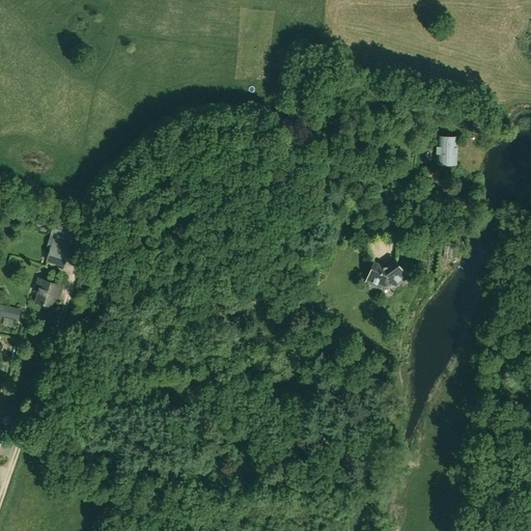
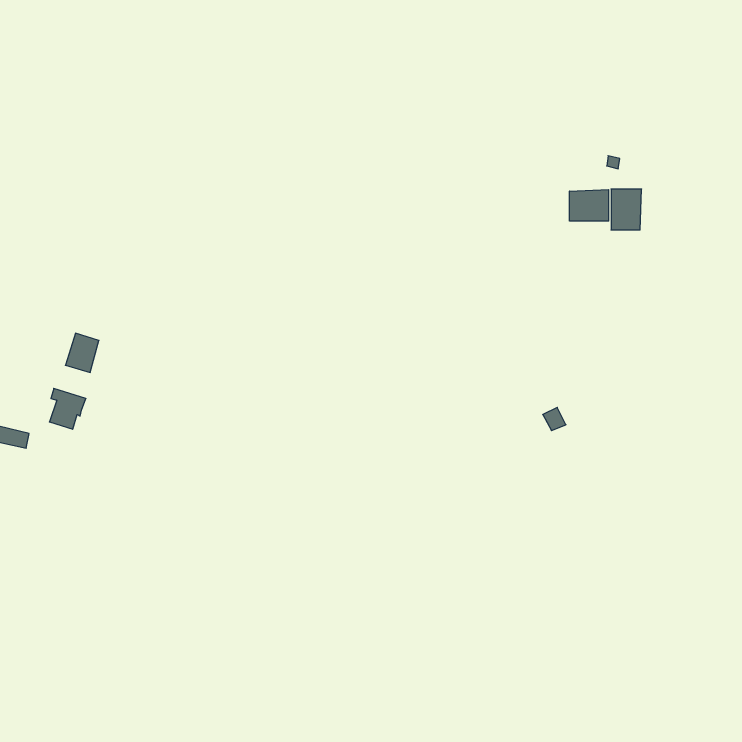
building: none -> [570,190,609,221]
building: [367,261,407,288] -> none

